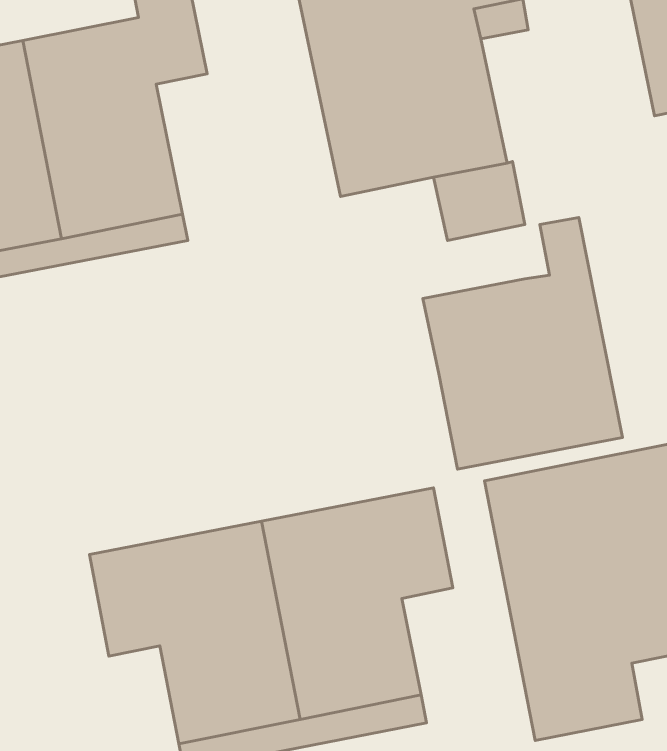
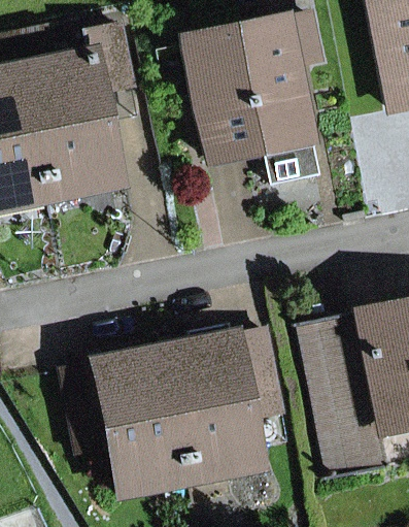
building: [423,218,622,469] -> none

